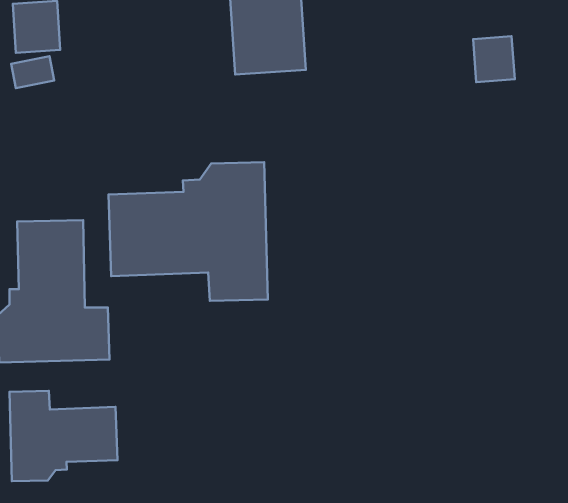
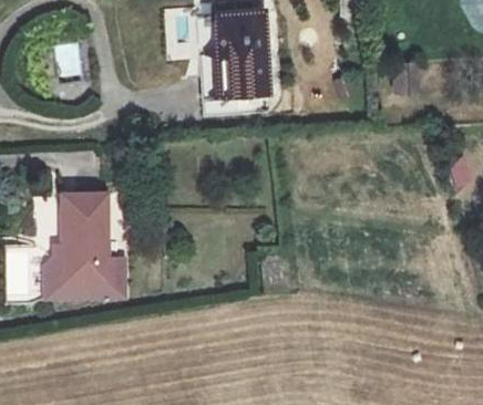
building: [108,162,268,301] -> none
building: [9,391,117,481] -> none

